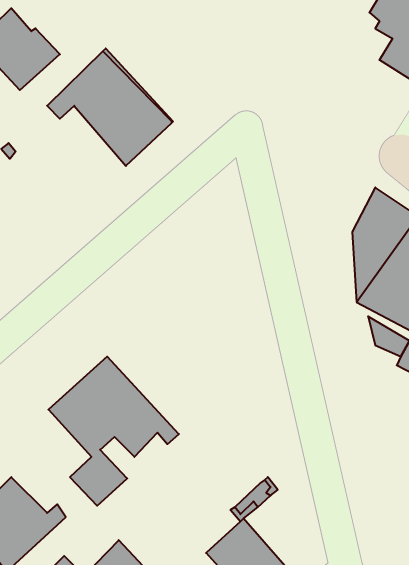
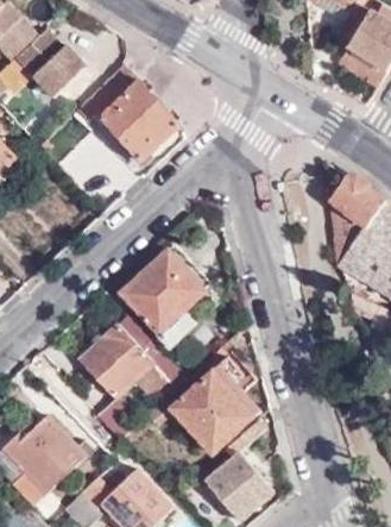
building: none -> [119,249,207,345]
building: none -> [172,355,256,454]

